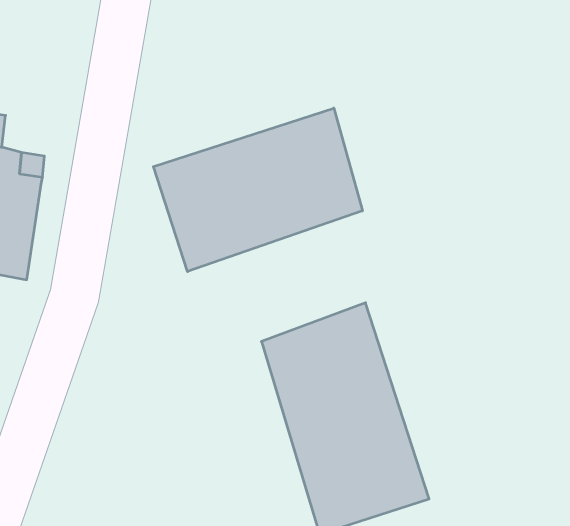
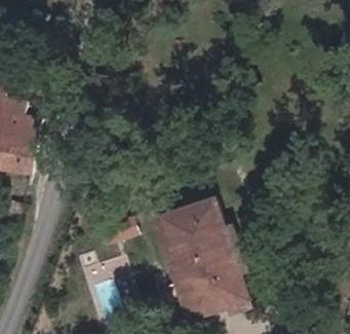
building: [153,108,362,272] -> none

